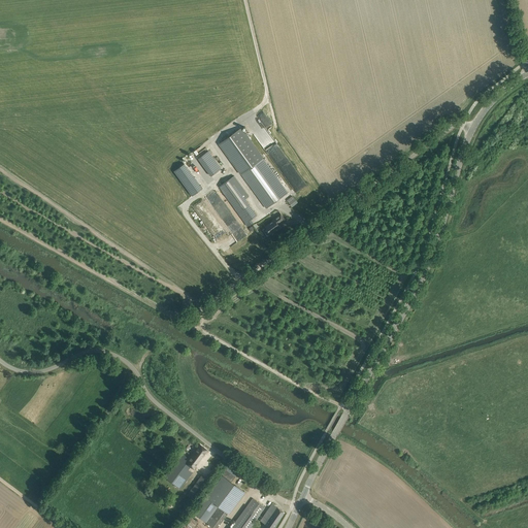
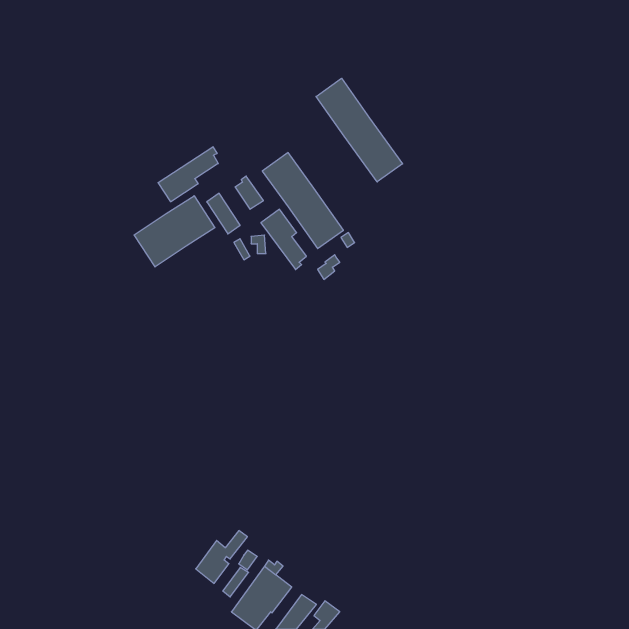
building: none -> [316,78,403,182]
building: none -> [158,147,218,202]
building: none -> [134,196,215,267]

